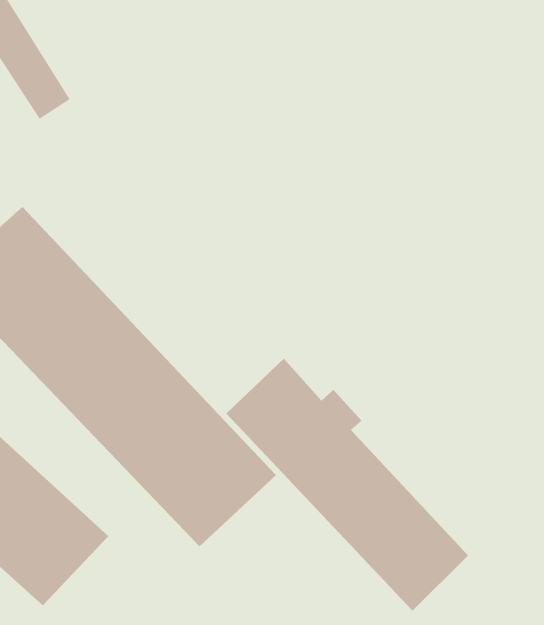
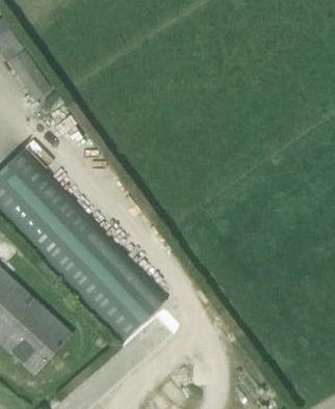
building: [226,358,469,611] -> none

